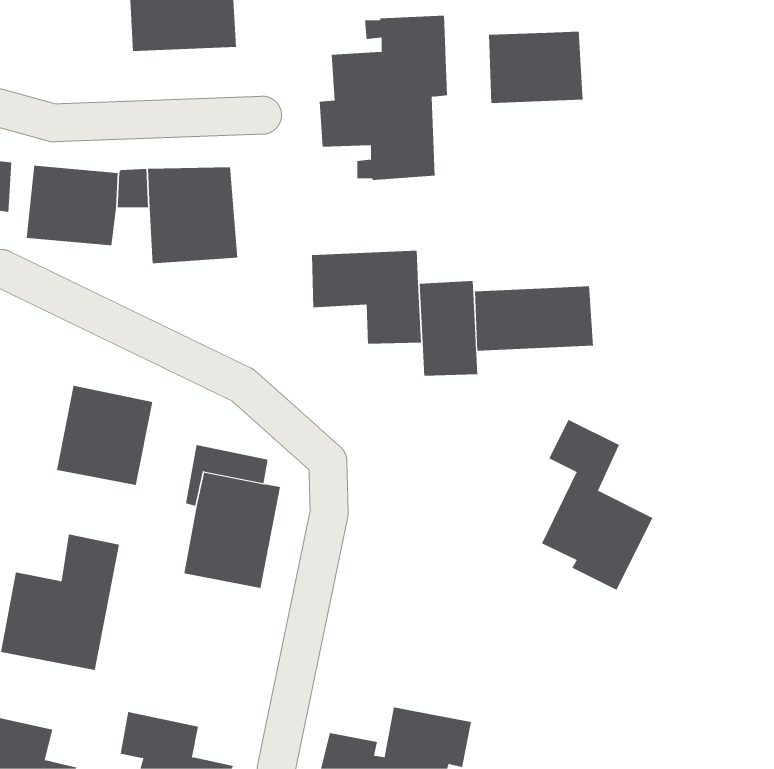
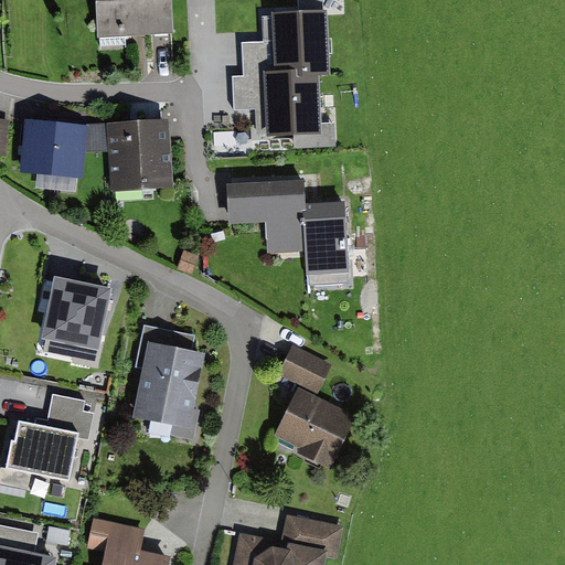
building: [488,31,583,104] -> none
building: [474,285,594,352] -> none
building: [541,419,653,591] -> [274,344,355,469]

